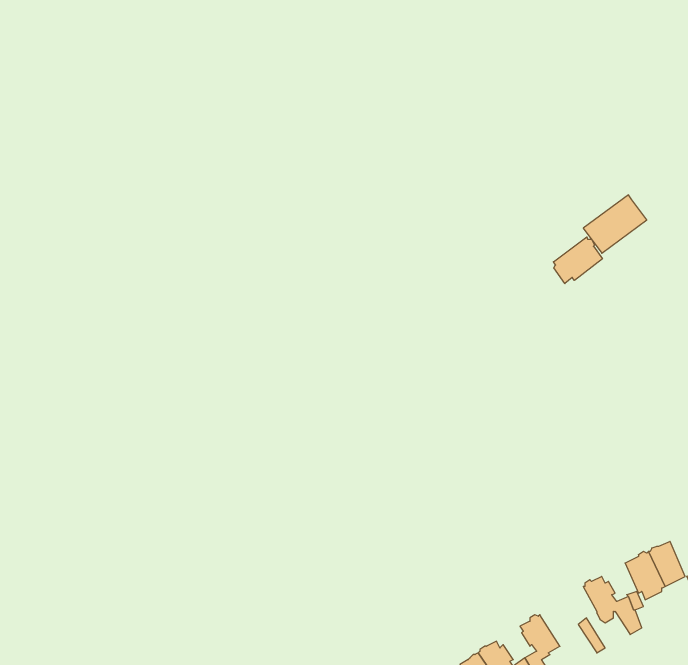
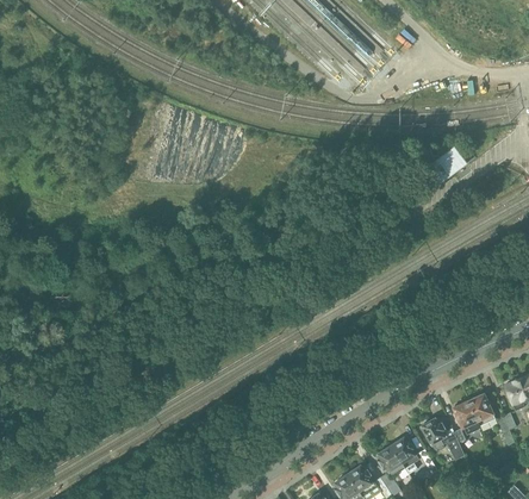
building: [553,237,602,284] -> none
building: none -> [392,437,419,473]

